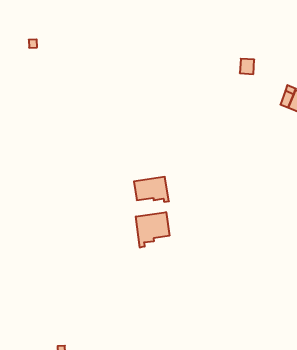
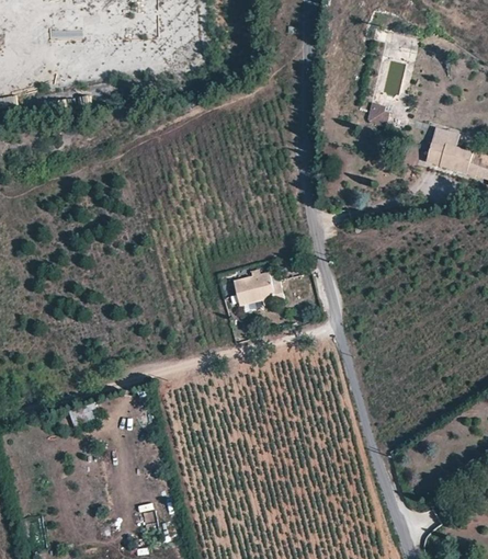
building: [136,212,169,248] -> none

